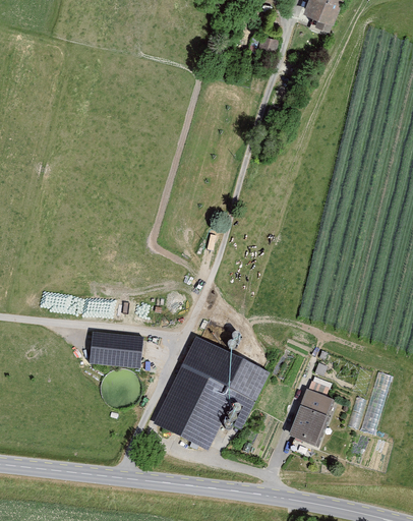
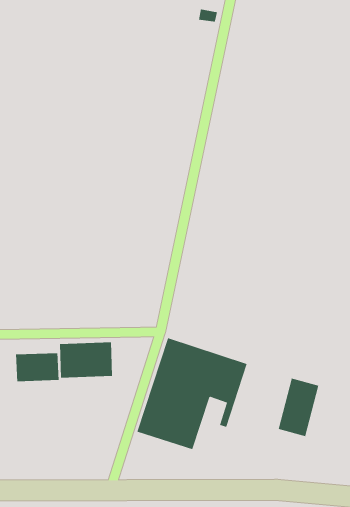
building: none -> [16,352,59,382]

